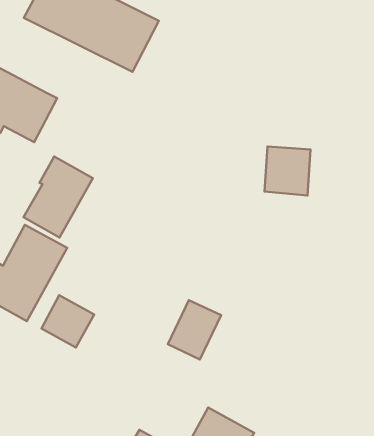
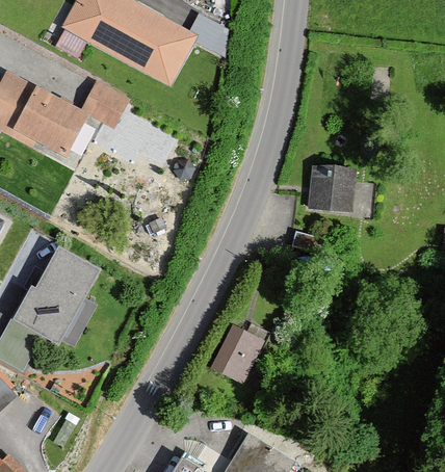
building: none -> [83,80,131,127]
building: [23,157,93,237] -> none
building: [42,295,94,348] -> none

